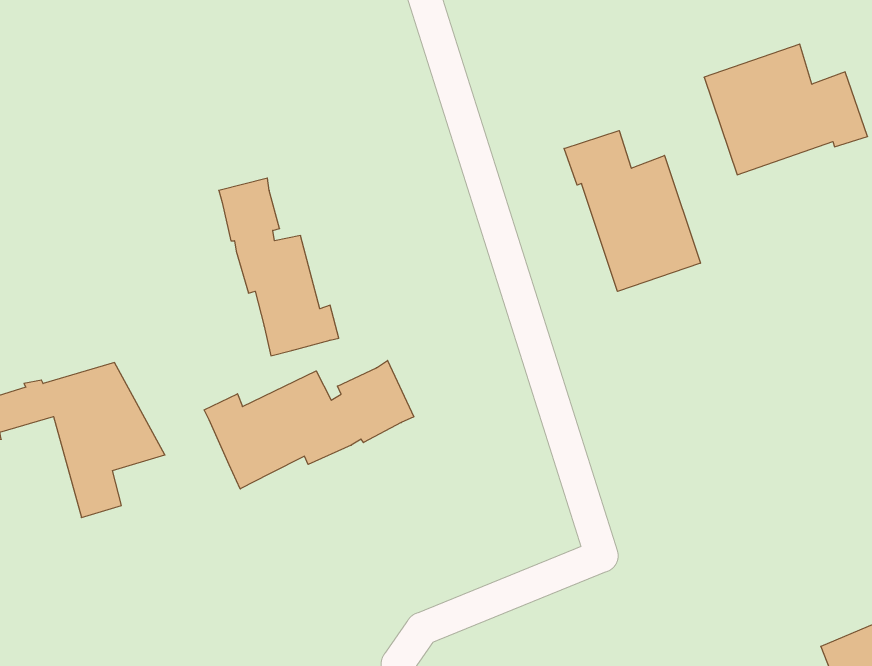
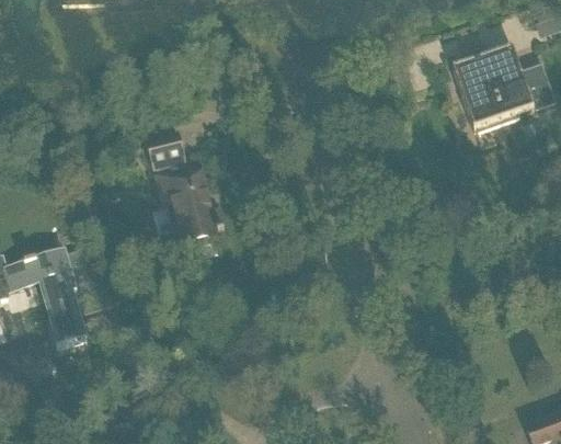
building: [564,131,700,291] -> none
building: [204,360,414,489] -> none

